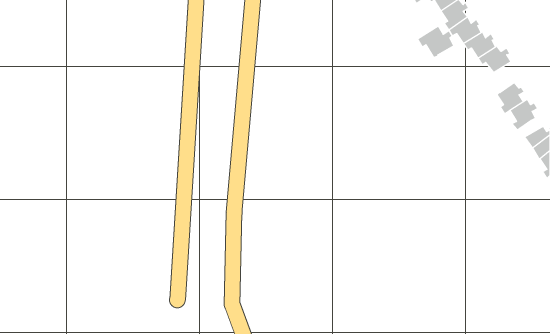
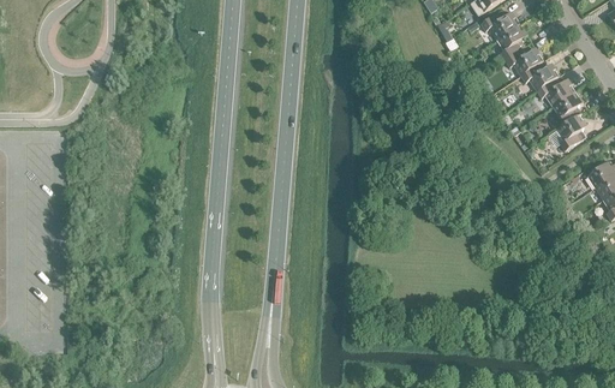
building: [418,26,454,57] -> none
building: [510,99,538,130] -> [553,92,583,126]

